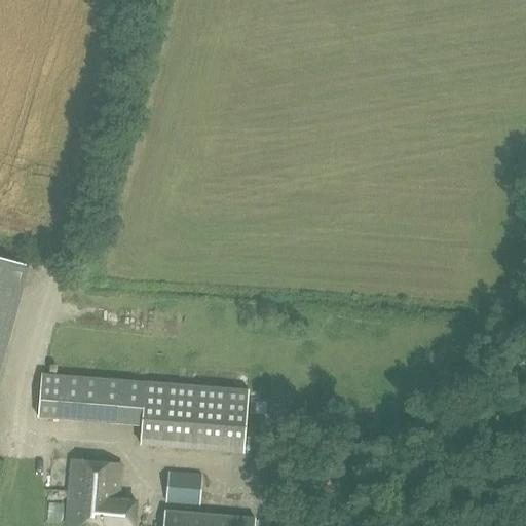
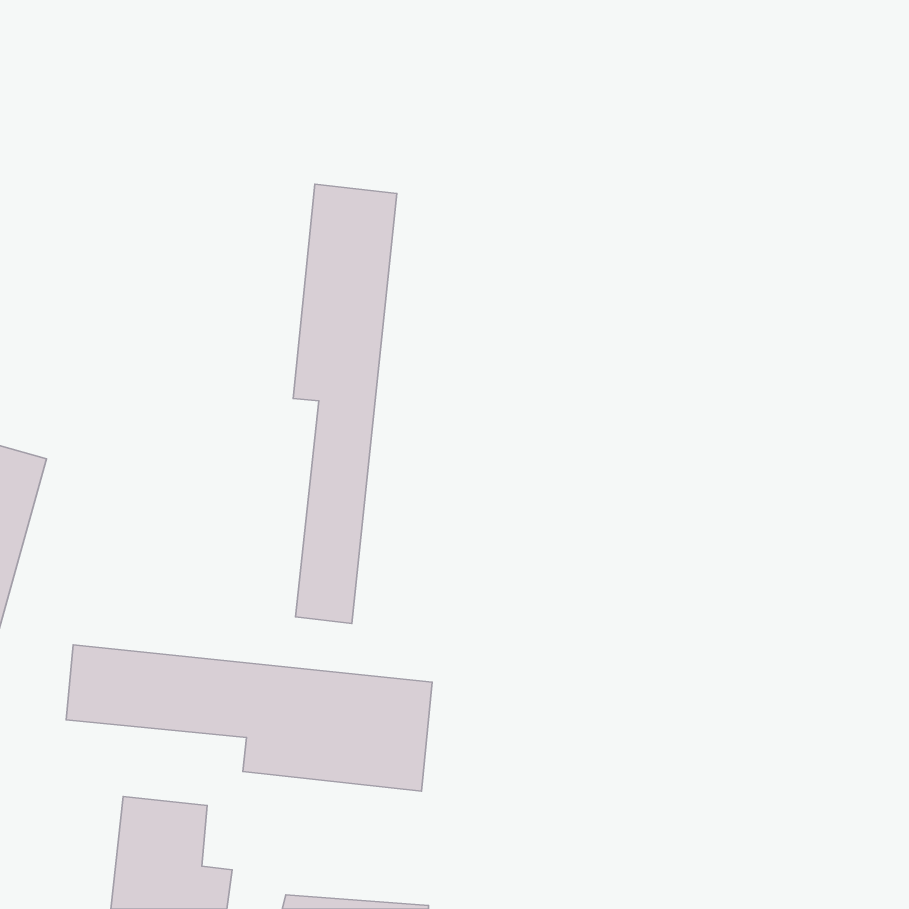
building: none -> [293,184,397,624]
building: [156,469,201,504] -> none

